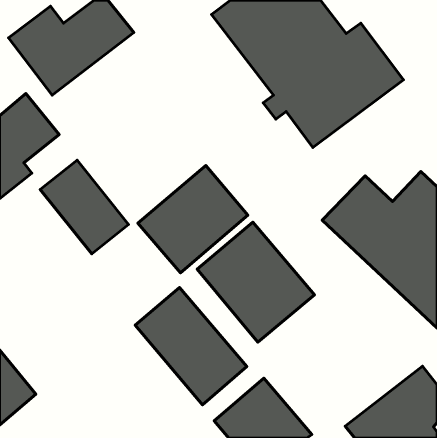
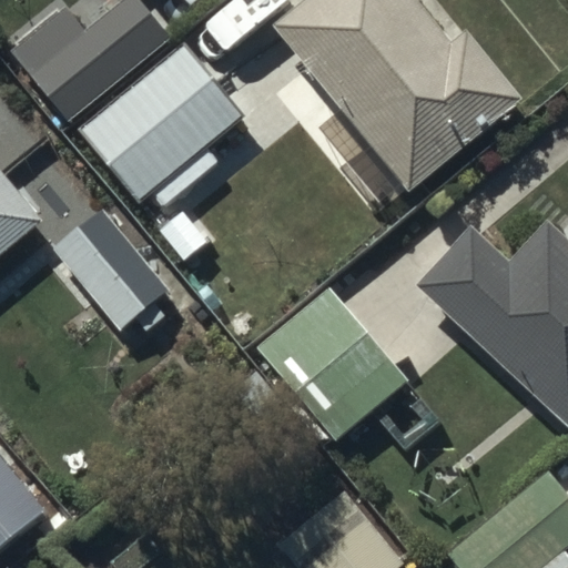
building: none -> [84,50,239,199]
building: [138,166,248,273] -> none
building: [135,288,247,405] -> none

